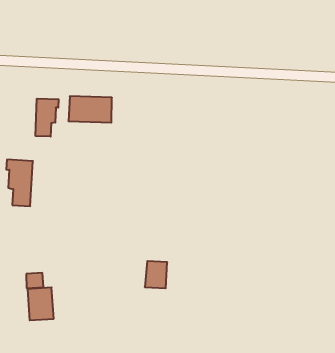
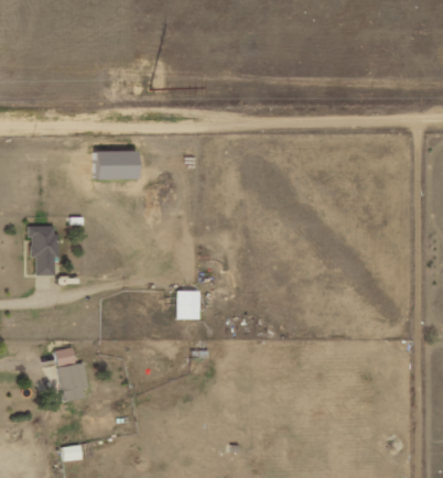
building: [36,99,59,137] -> none
building: [145,261,167,288] -> [176,291,199,319]

